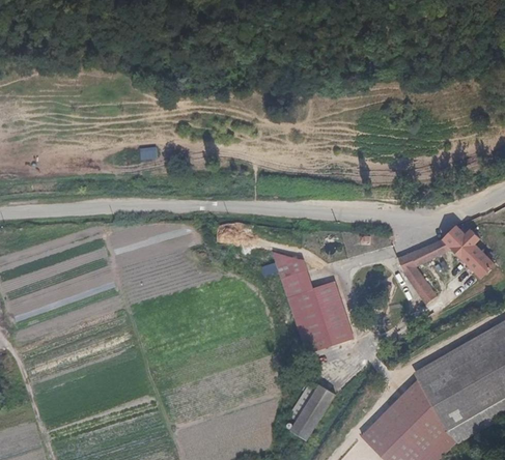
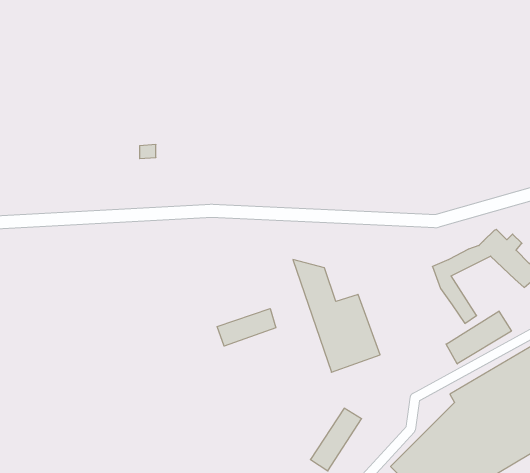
building: none -> [217,309,276,346]
building: none -> [446,311,511,364]

